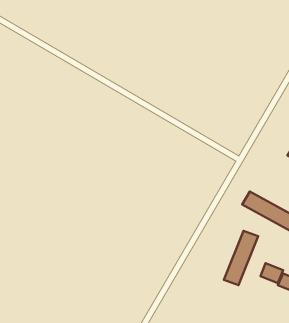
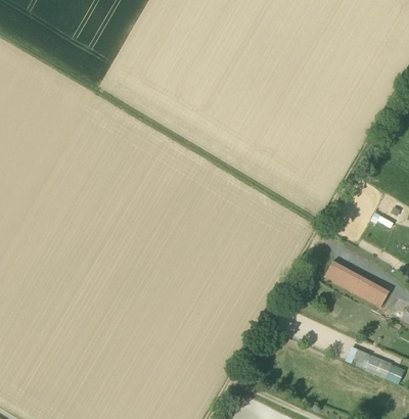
building: [224,231,258,285] -> none

